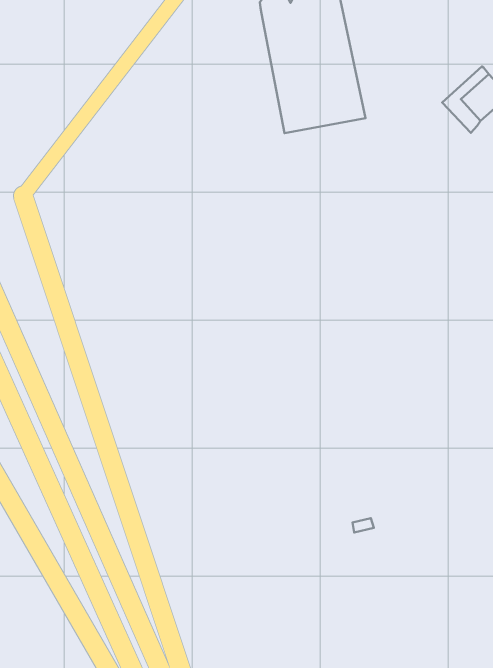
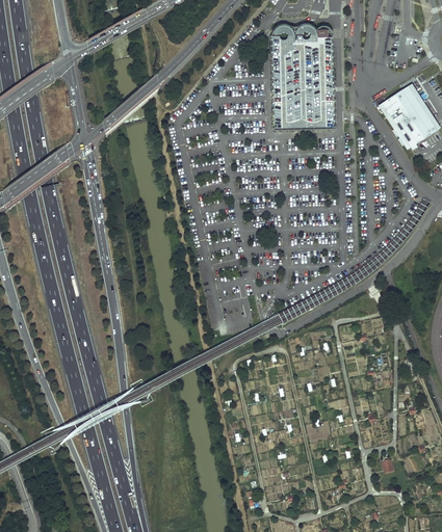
building: none -> [379,84,423,125]

